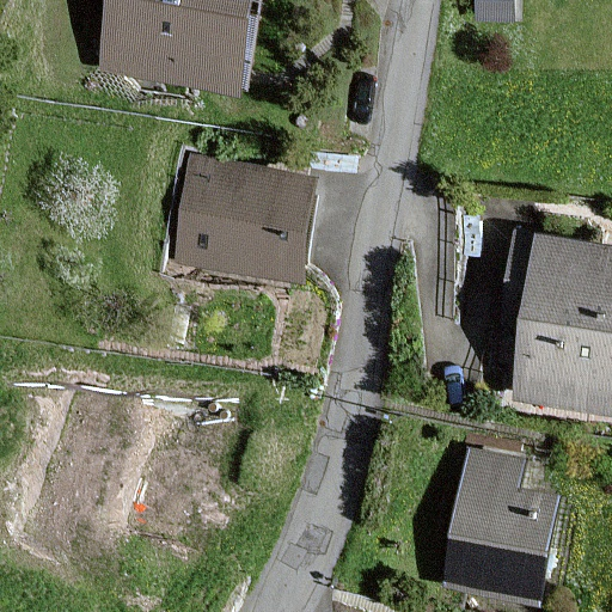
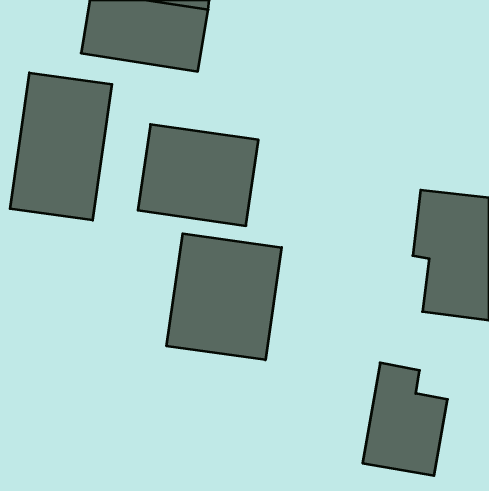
building: none -> [10,73,112,220]
building: none -> [167,234,282,360]

